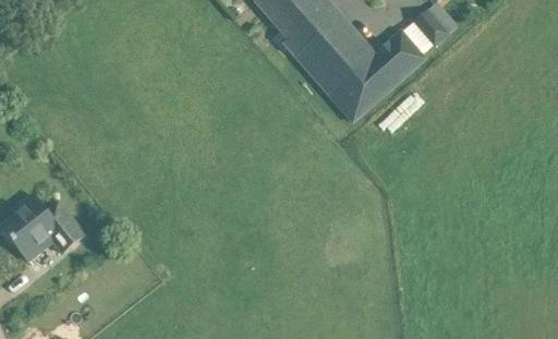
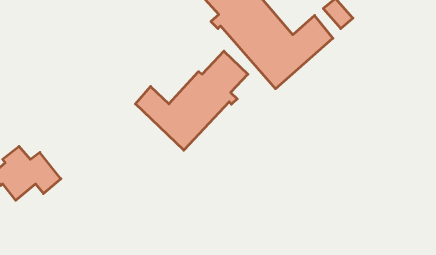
building: none -> [135,51,248,150]

